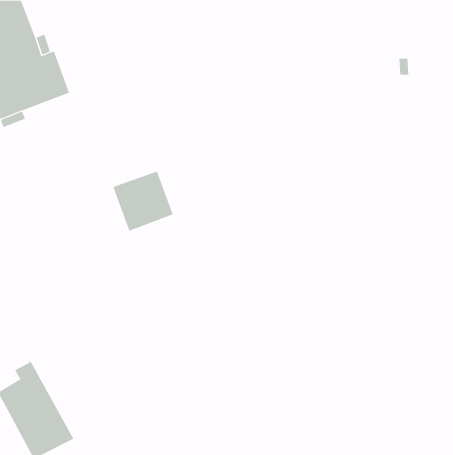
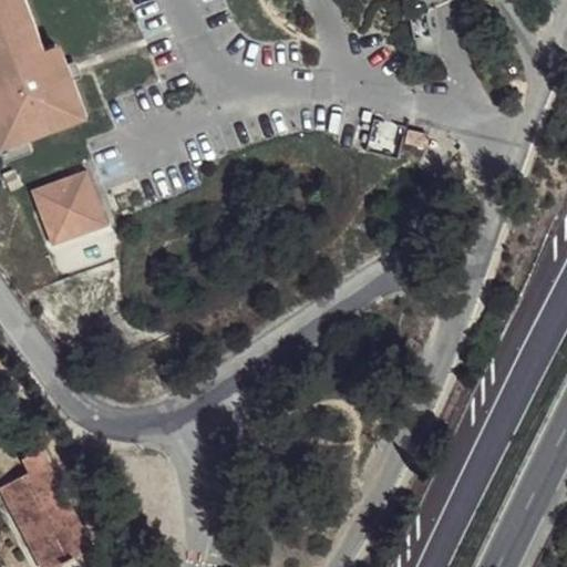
building: [113,171,173,232] -> [30,172,105,247]

